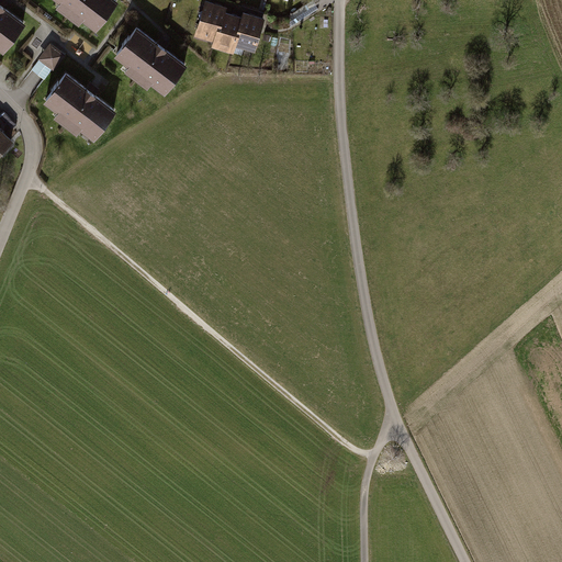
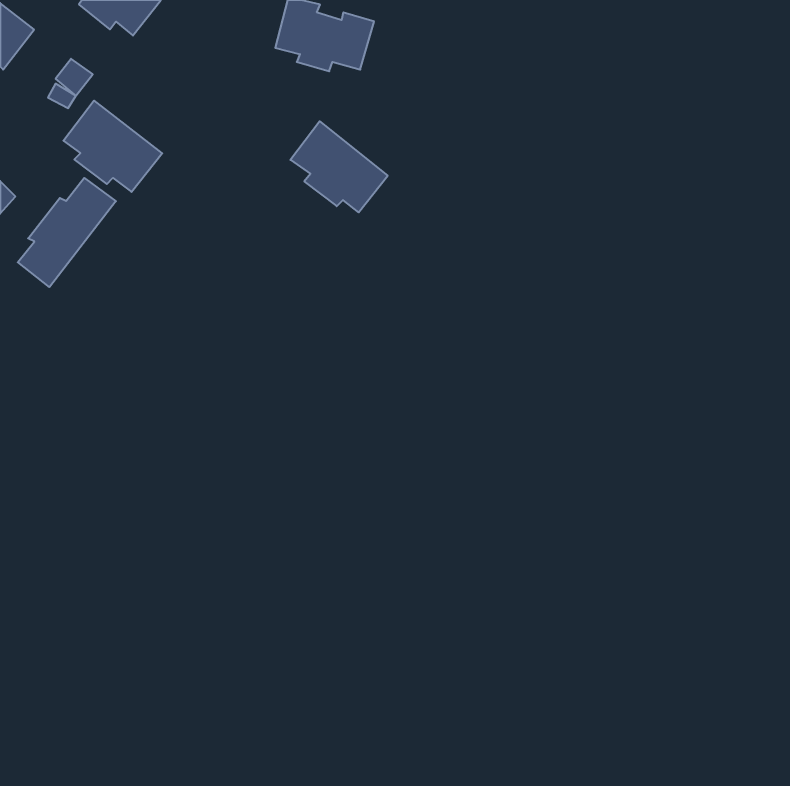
building: [114,27,183,92] -> [290,121,388,212]
building: none -> [18,178,116,287]

